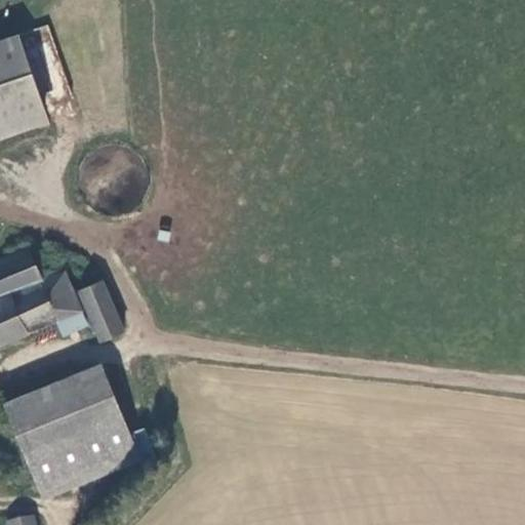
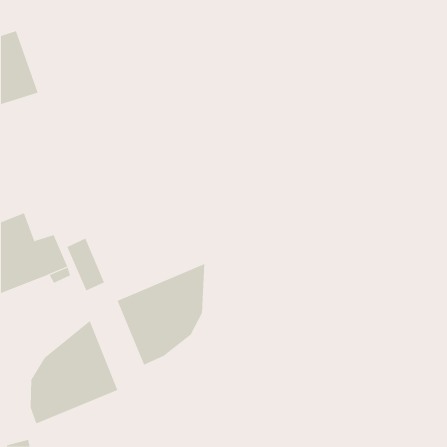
building: none -> [117,263,205,365]
building: [7,369,106,478] -> none

